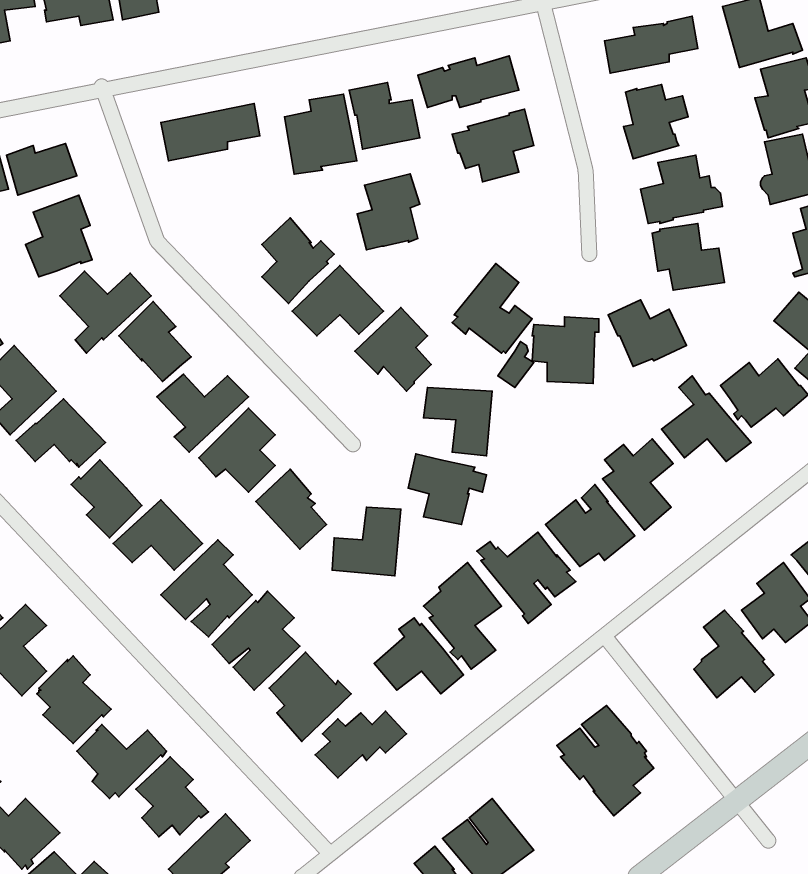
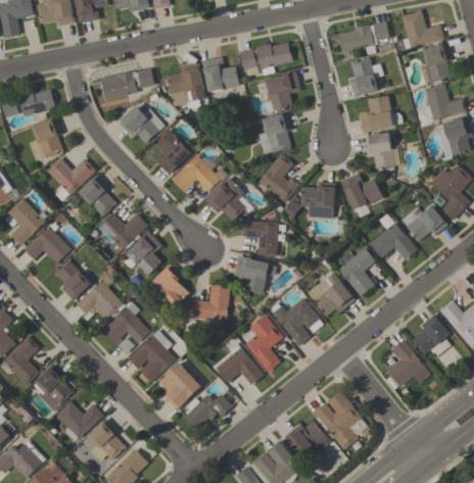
building: [357,174,420,250] -> [257,112,291,153]
building: none -> [118,105,164,143]
building: none -> [284,420,324,454]

